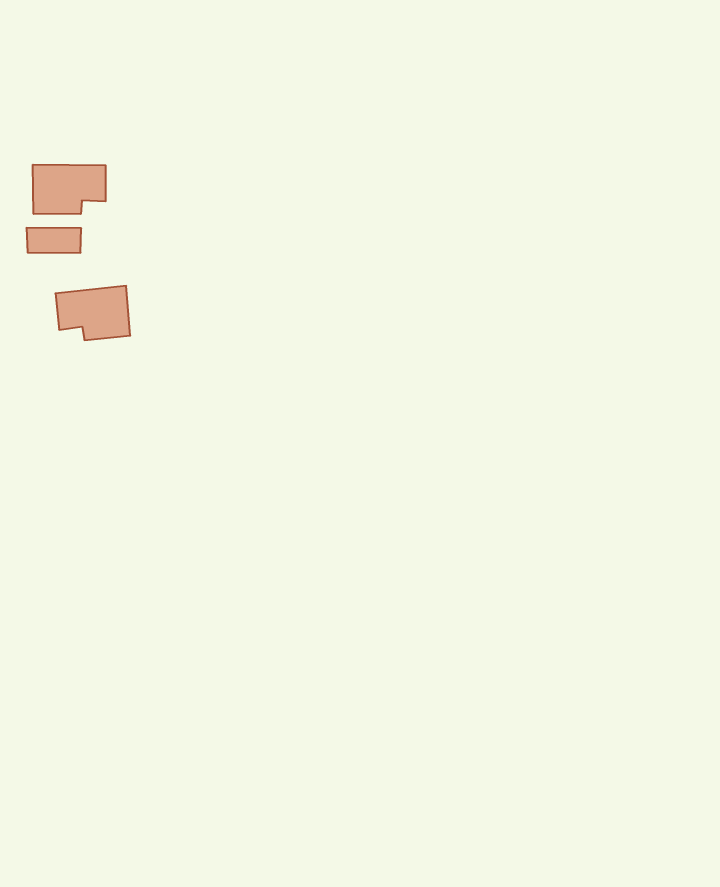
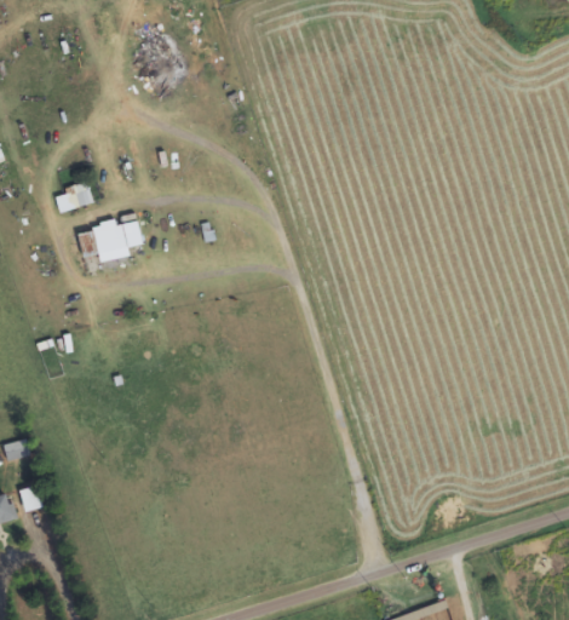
building: [33,165,106,214] -> none

